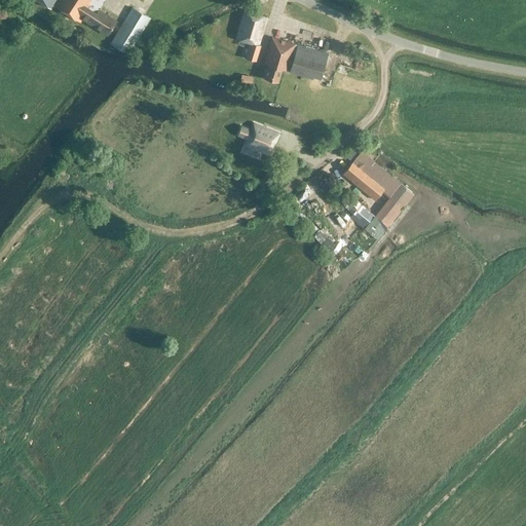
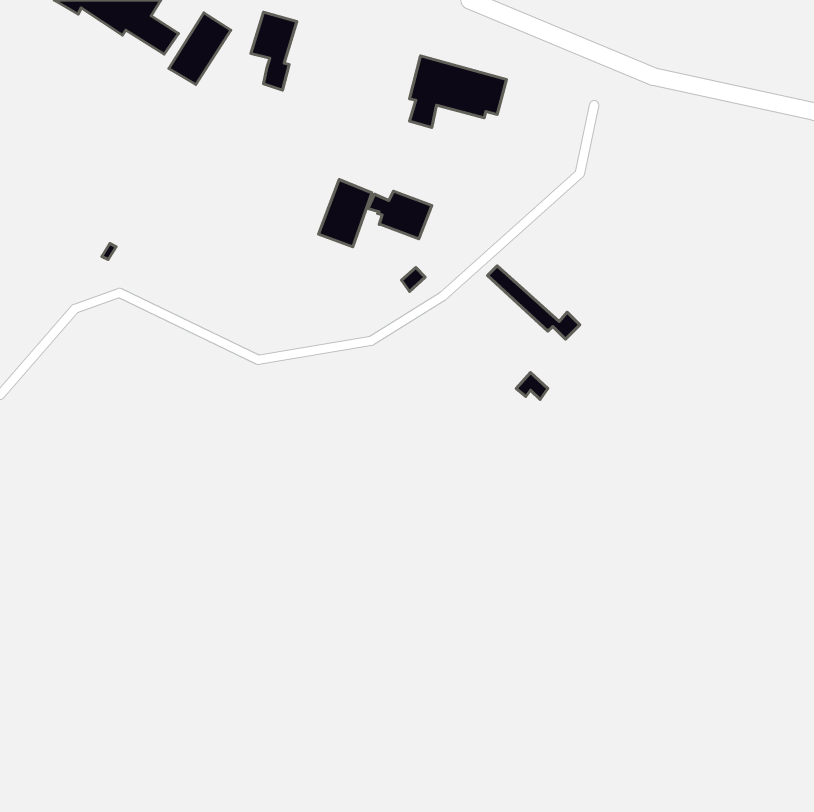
building: [236,13,266,64] -> [251,12,297,90]
building: none -> [319,180,372,247]
building: [342,152,414,227] -> none

